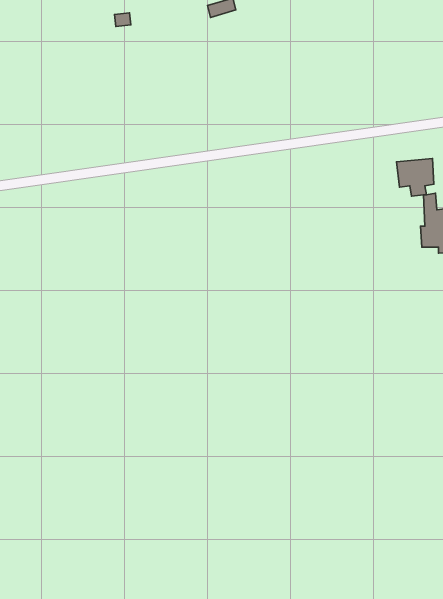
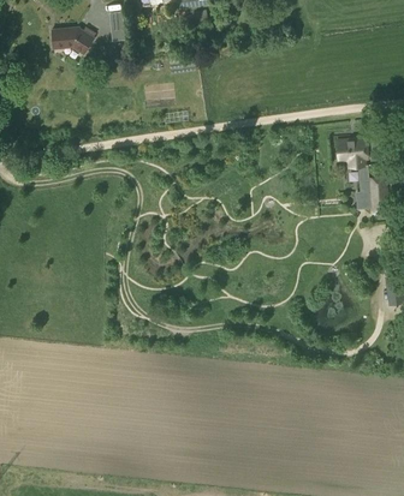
building: none -> [53,26,94,53]

